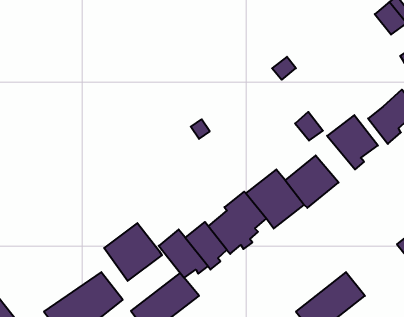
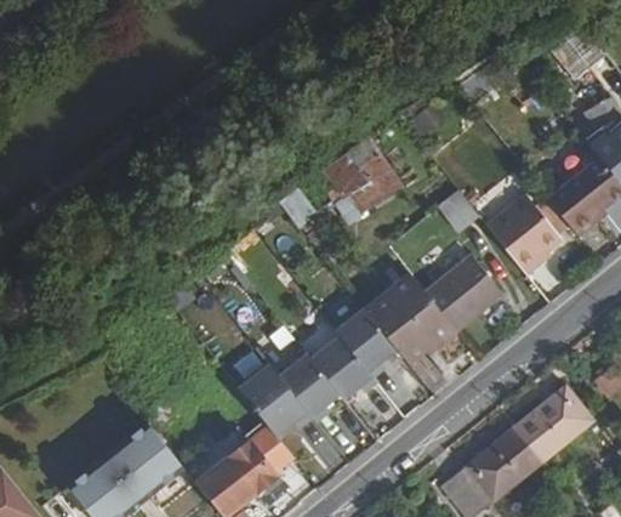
building: none -> [318,144,389,203]
building: [104,223,162,281] -> none
building: none -> [514,386,593,461]

